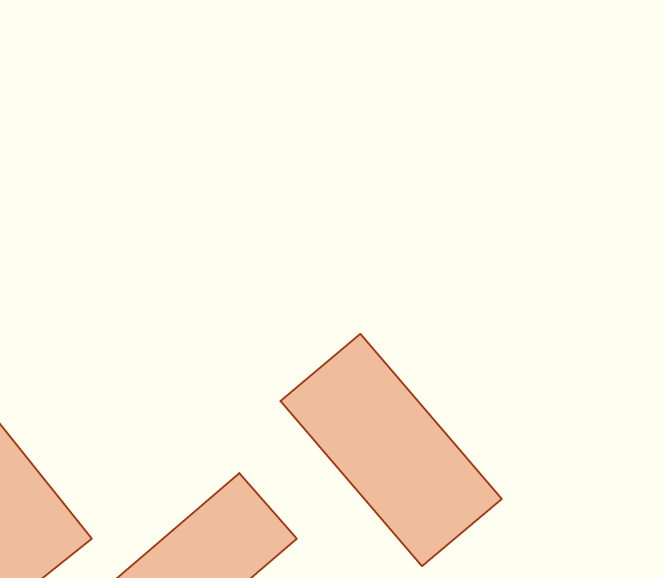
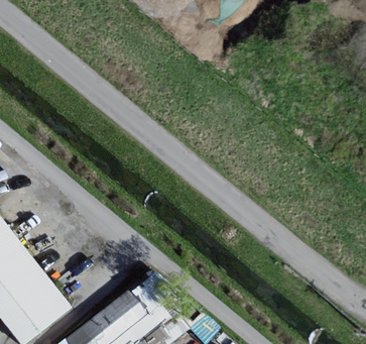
building: [280,334,502,566] -> none

